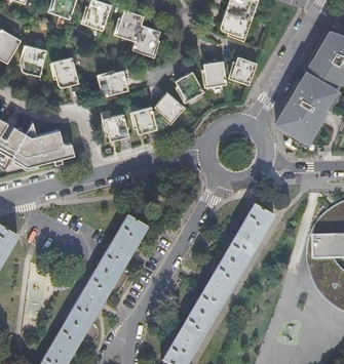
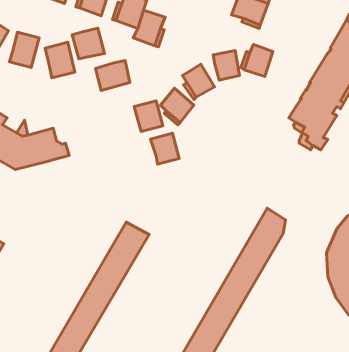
building: none -> [72,28,104,59]
building: [106,114,131,141] -> [151,133,179,164]

